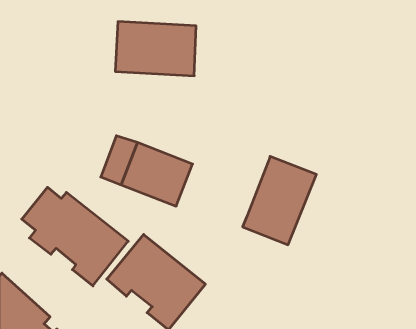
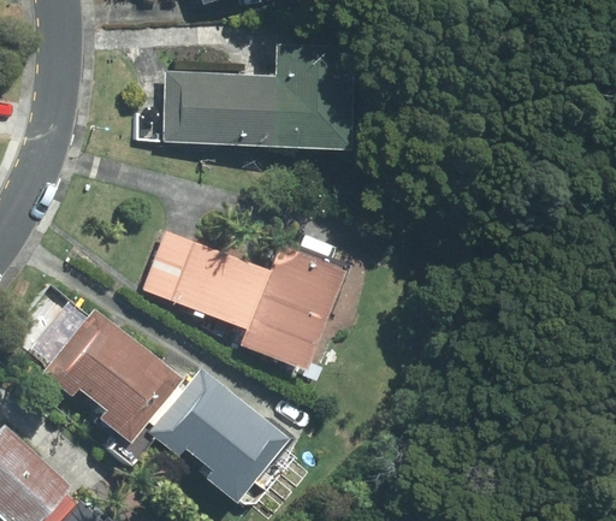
building: none -> [273,47,355,150]
building: [243,156,316,245] -> [242,245,345,369]

